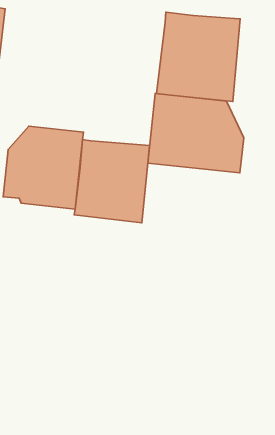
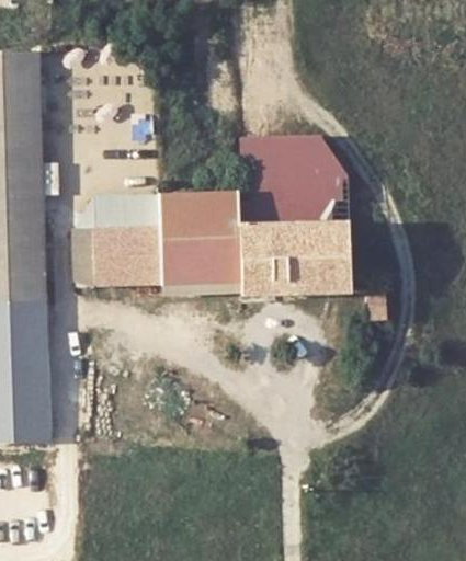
building: [157,12,240,102] -> none
building: none -> [231,213,379,319]

